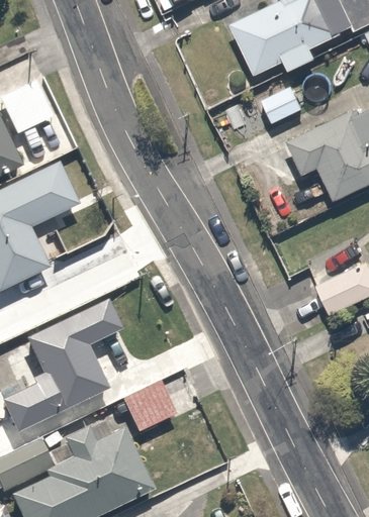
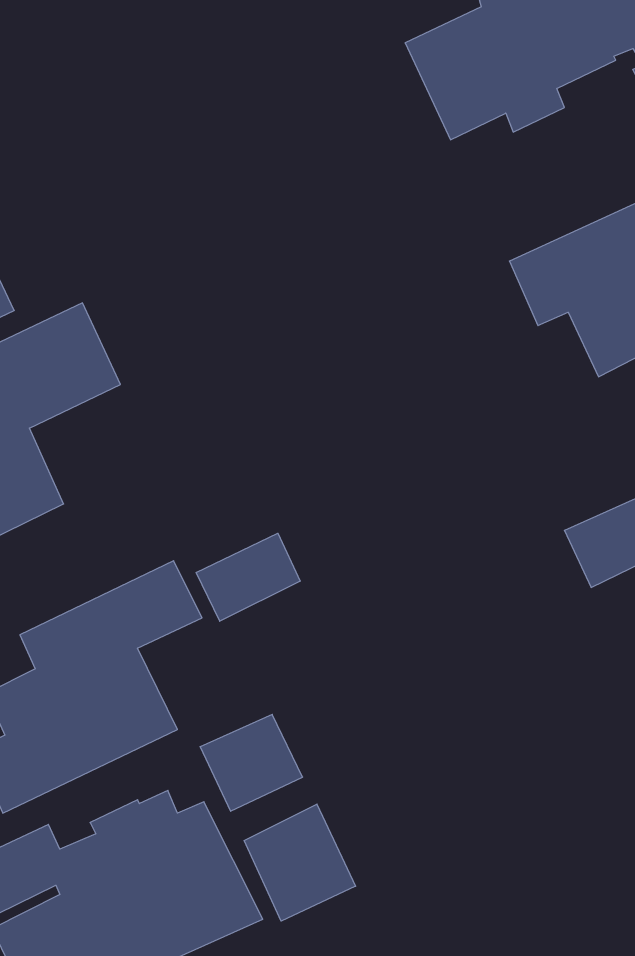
building: none -> [196,533,300,621]
building: none -> [244,804,356,921]

